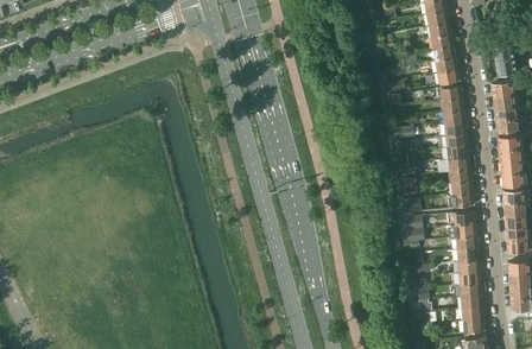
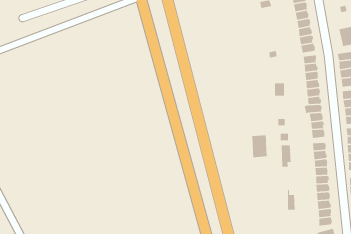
building: none -> [252,134,267,158]

